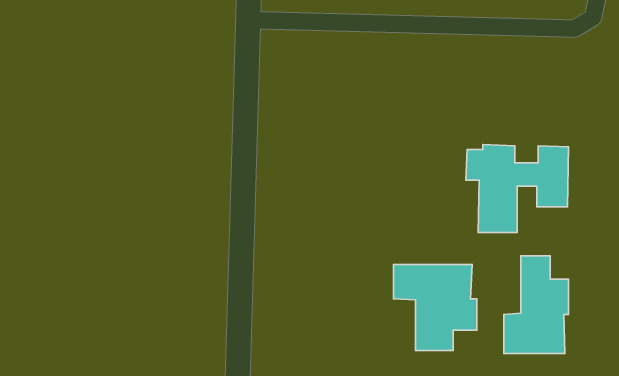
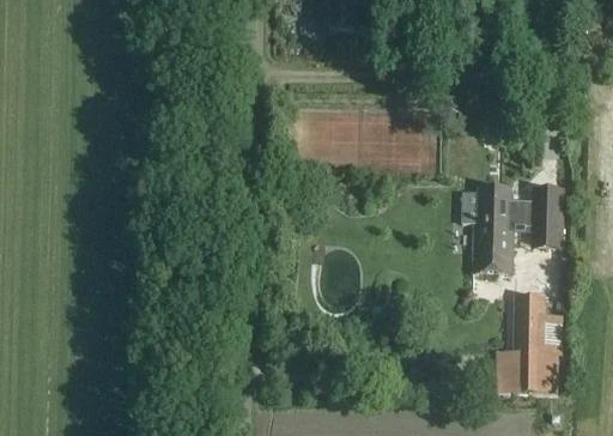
building: [394,264,477,350] -> none

